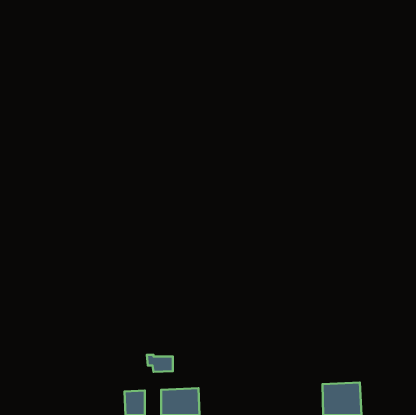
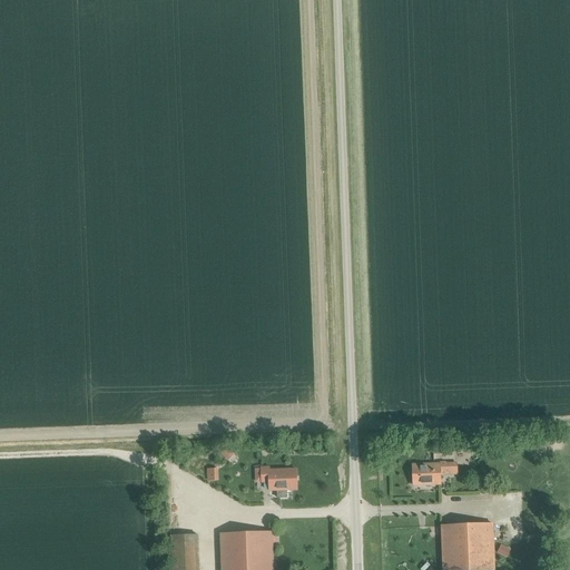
building: none -> [413,463,441,484]
building: [147,355,173,372] -> [261,466,296,490]

